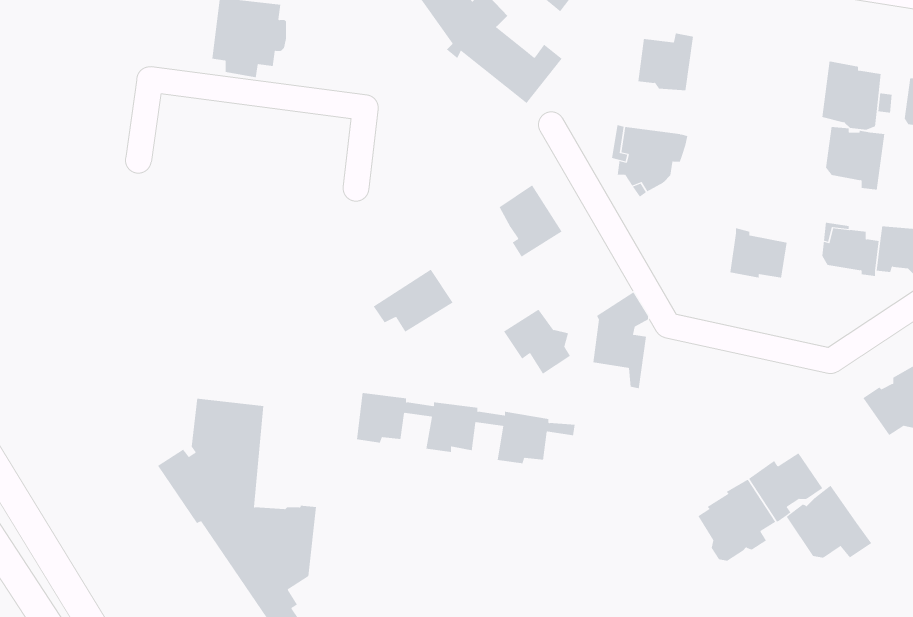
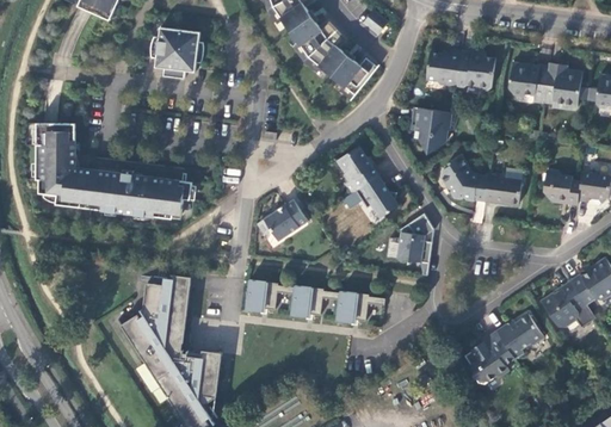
building: none -> [457,51,495,91]
building: [825,126,885,190] -> [510,62,548,103]
building: none -> [33,126,189,221]
building: none -> [440,156,488,202]
building: [503,309,571,375] -> [356,175,399,217]
building: [786,485,872,558] -> [541,281,595,328]

